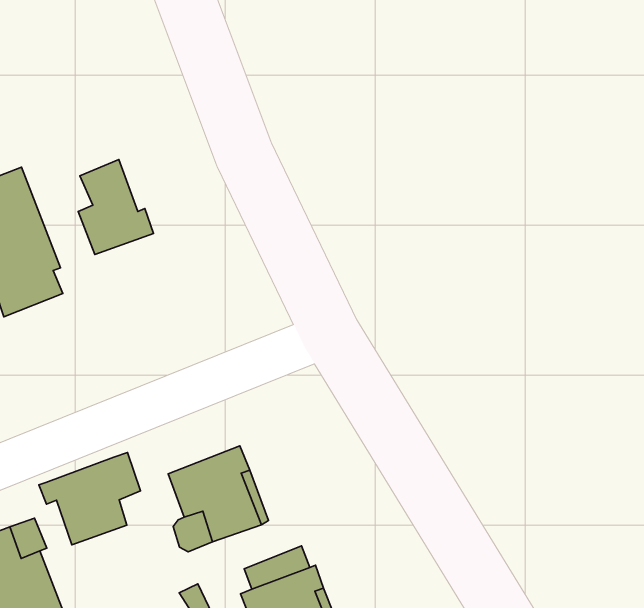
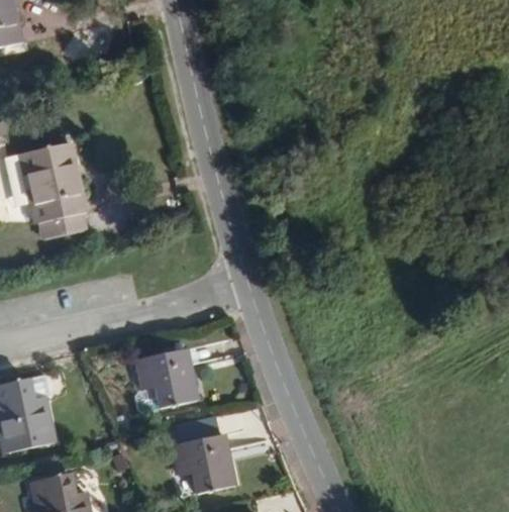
building: [78,159,154,255] -> none
building: [39,452,141,545] -> none

